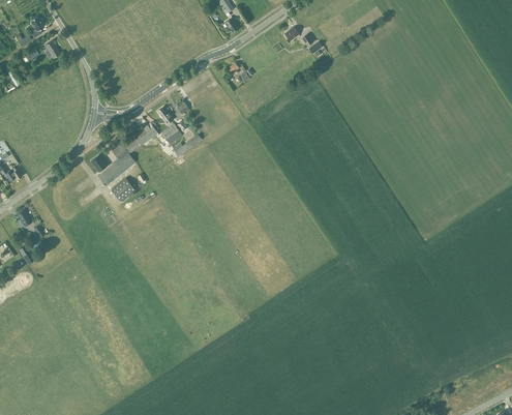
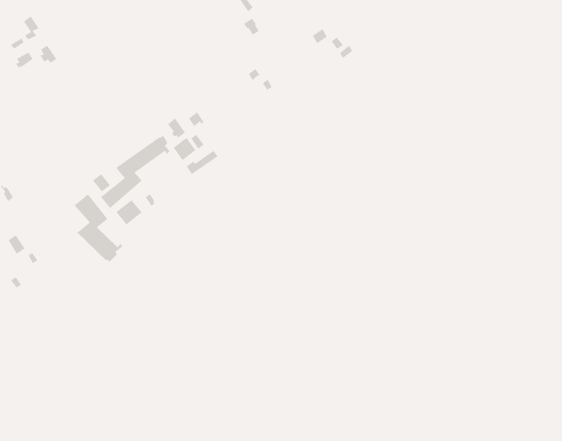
building: none -> [74,194,123,262]

